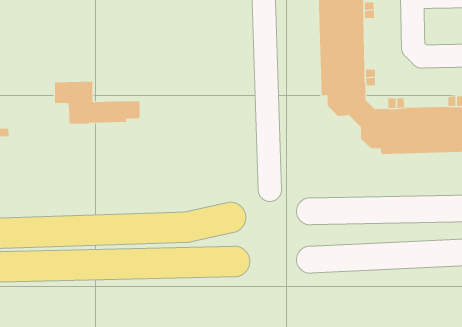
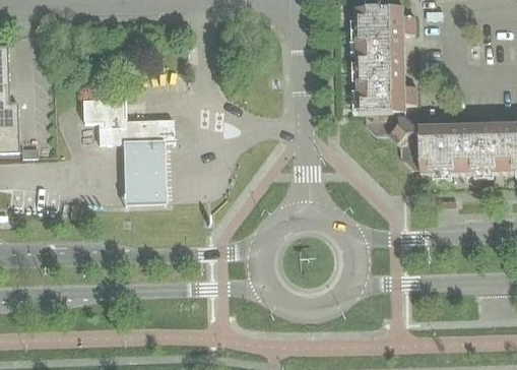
building: none -> [119,142,167,213]

